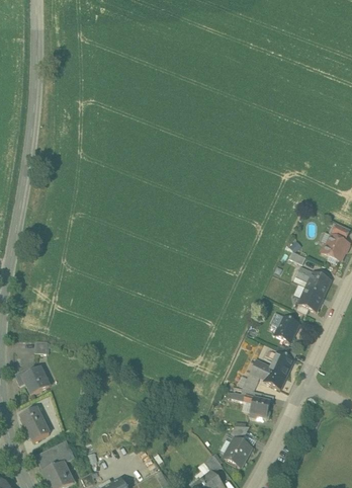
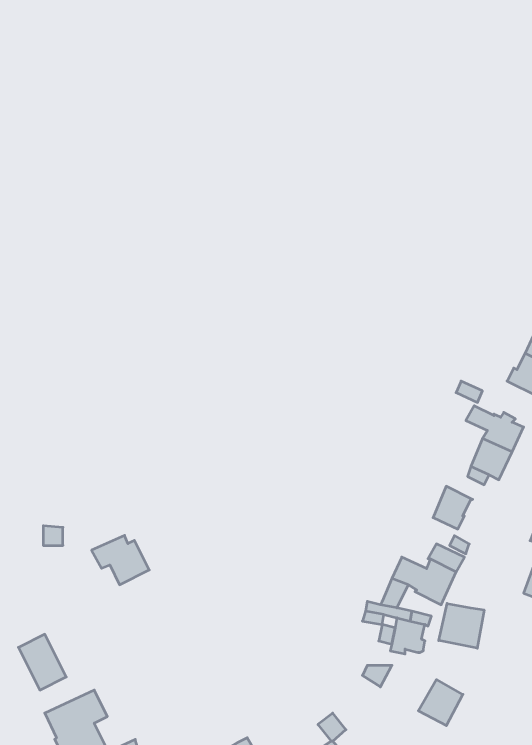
building: [14,364,50,395] -> [92,535,149,585]
building: none -> [439,603,484,648]
building: [224,438,251,467] -> [418,680,463,726]

